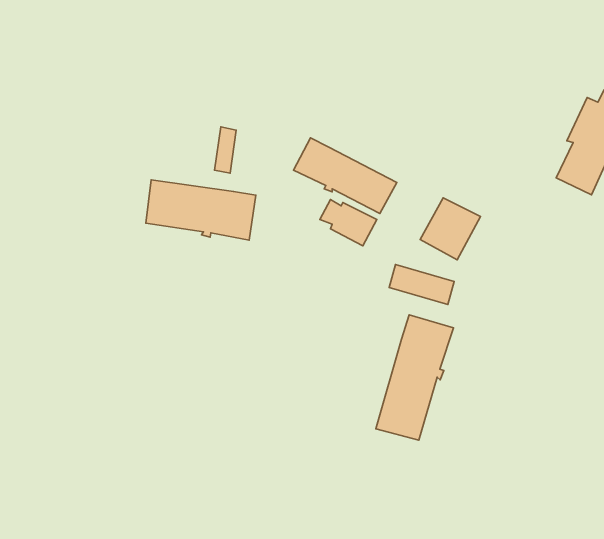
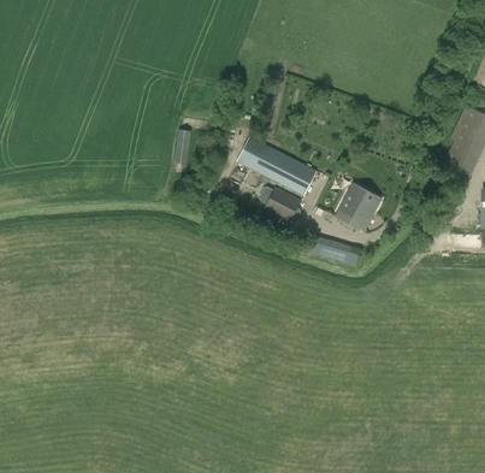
building: [146,180,256,240] -> none
building: [376,315,454,440] -> none

